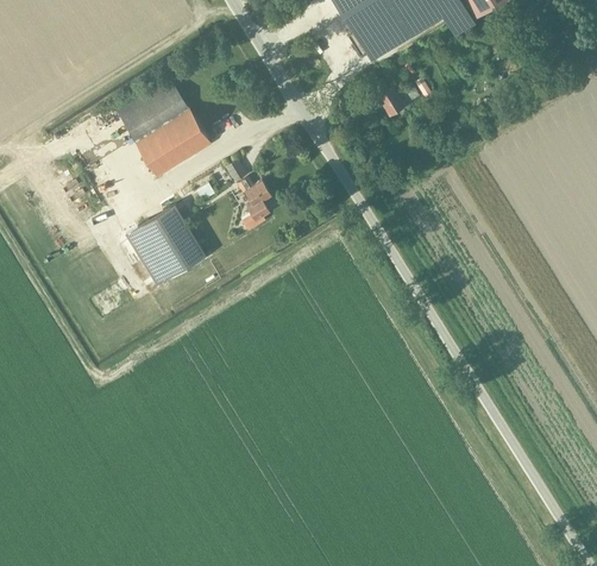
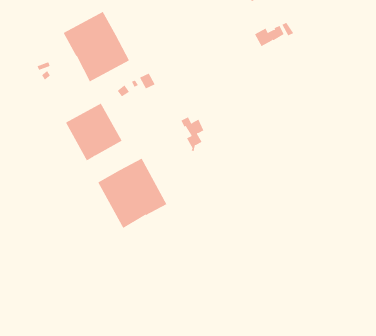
building: [237,180,270,227] -> [180,117,204,152]
building: none -> [98,158,167,229]

